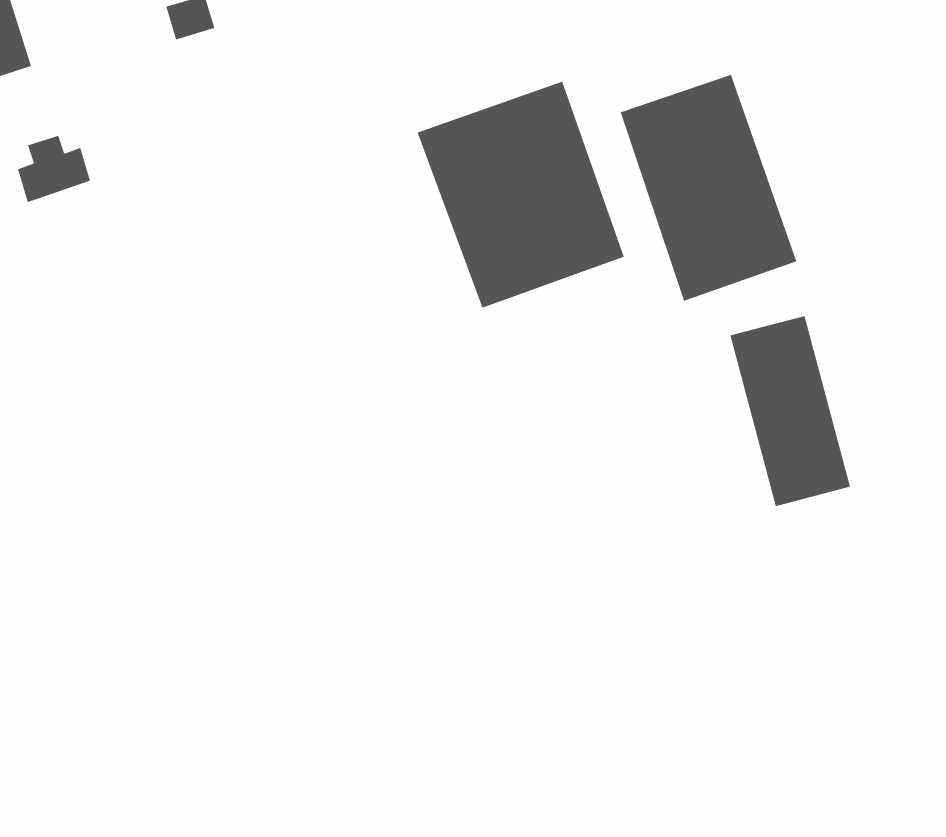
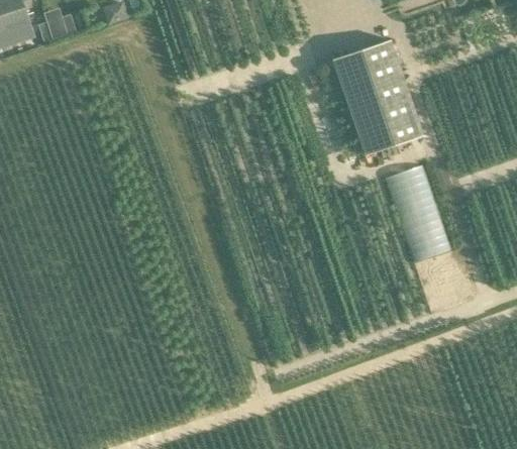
building: [417,81,624,308] -> none
building: [17,135,91,203] -> [37,8,75,42]

